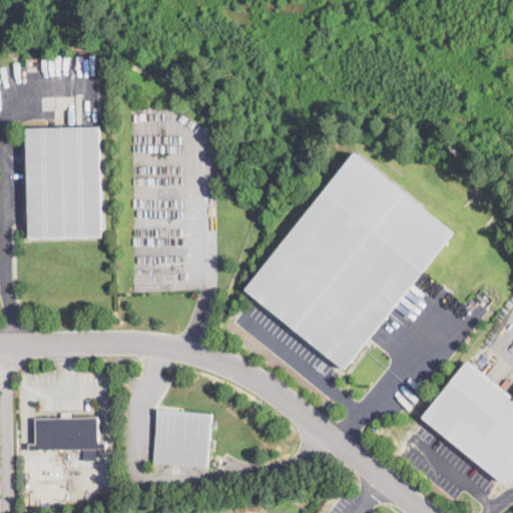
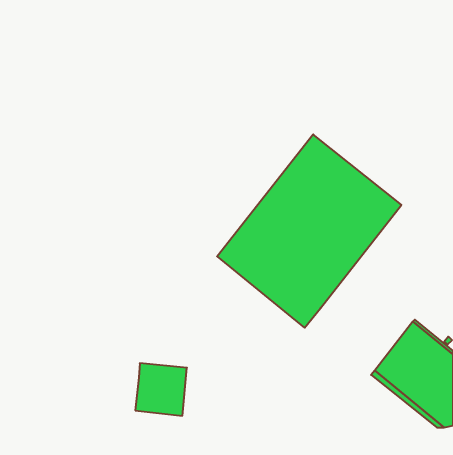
building: [26,126,101,238] -> none
building: [27,413,104,461] -> none

